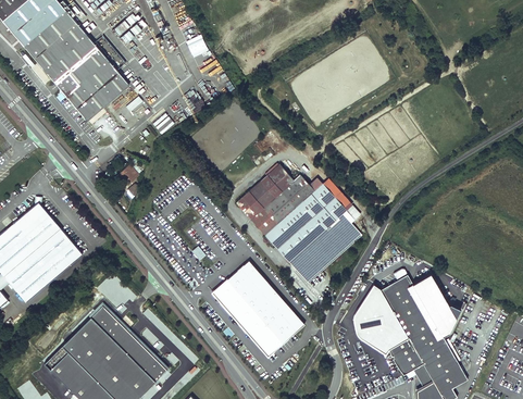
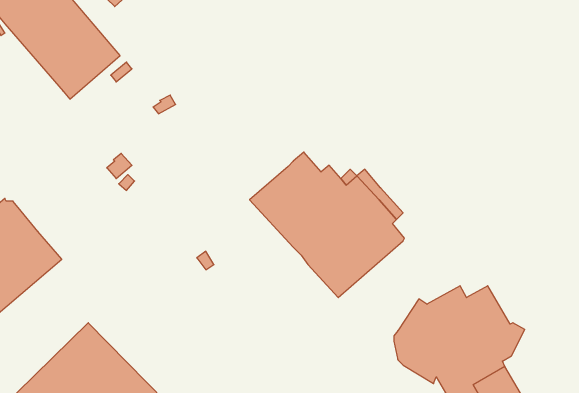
building: [212,263,303,358] -> none

